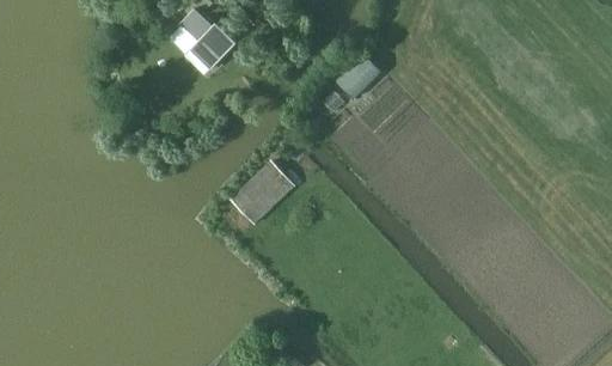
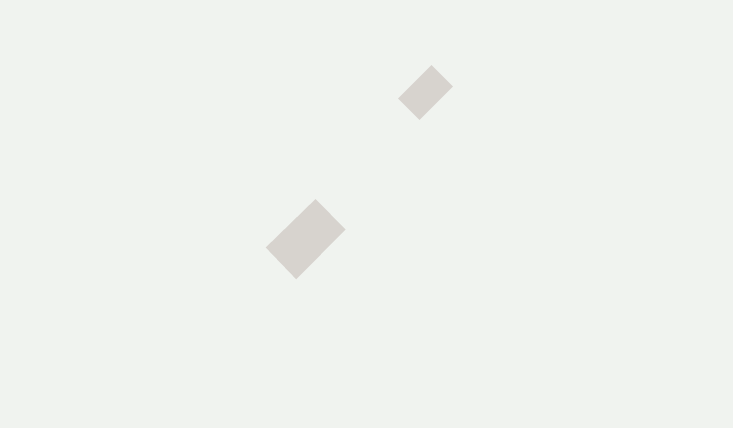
building: [183,11,238,71] -> none

